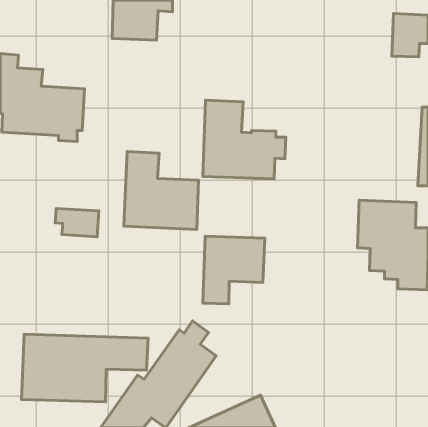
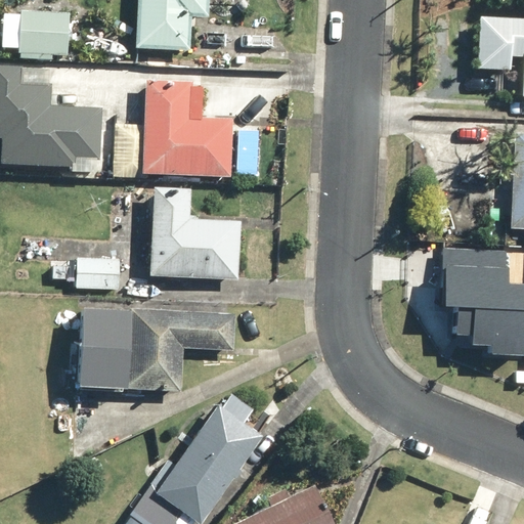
building: none -> [4,10,72,61]
building: [203,100,286,179] -> [143,80,245,176]
building: [203,236,265,304] -> none
building: [22,334,148,402] -> [79,306,233,389]

